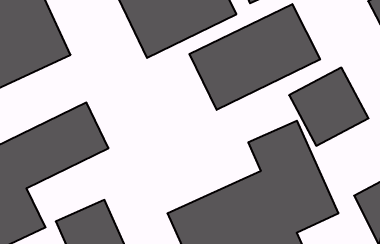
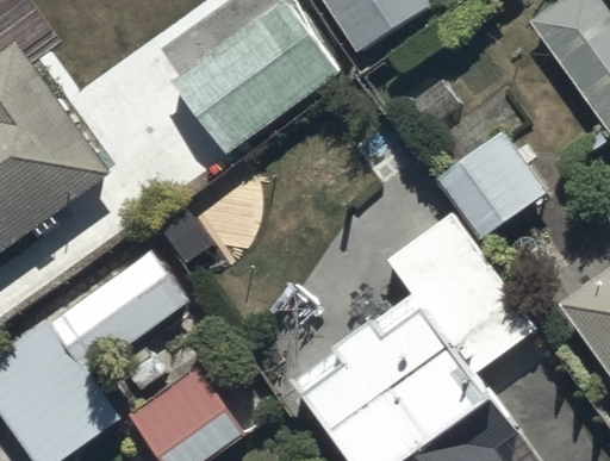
building: [189,4,320,110] -> none

